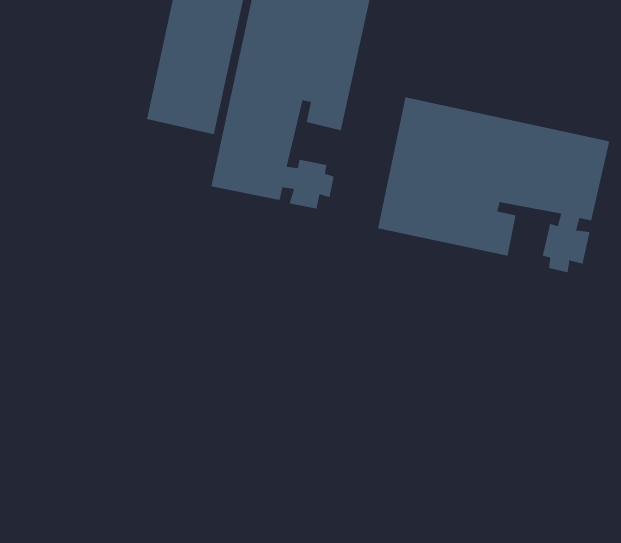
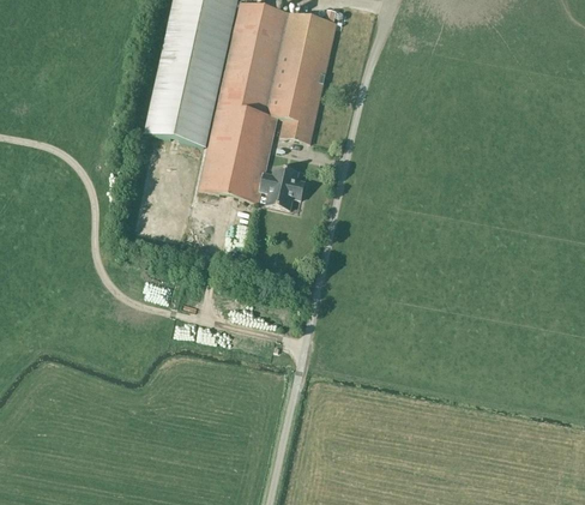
building: [377,96,610,273] -> none

